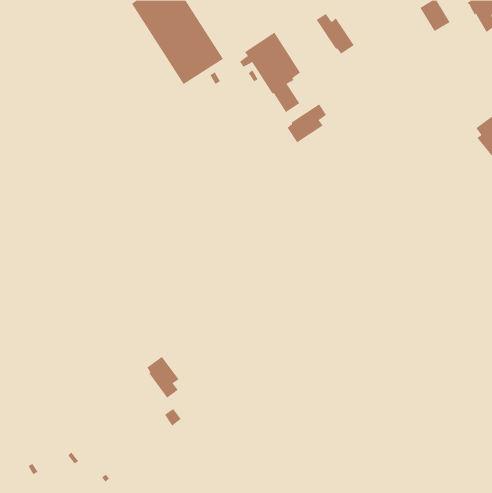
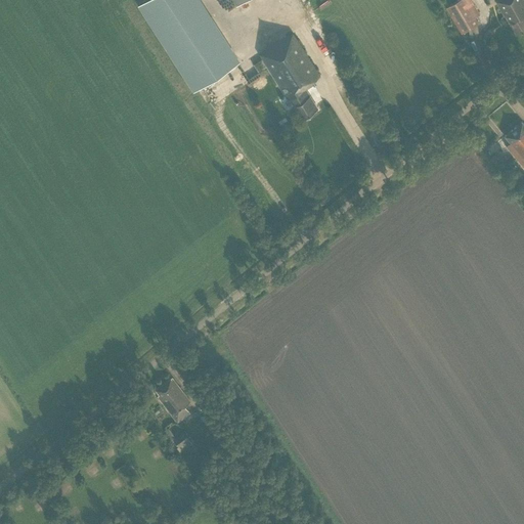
building: [316,13,354,54] -> none
building: [287,103,327,143] -> none

